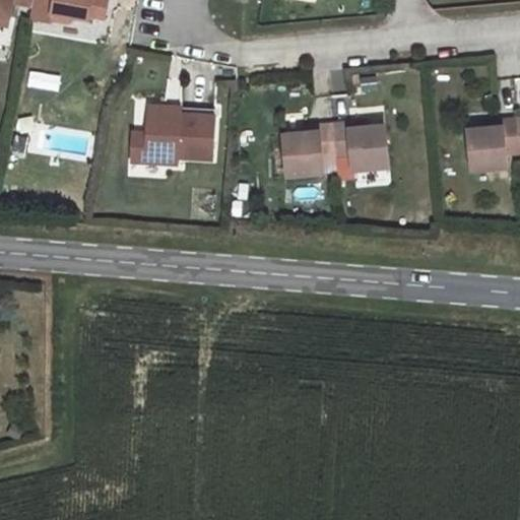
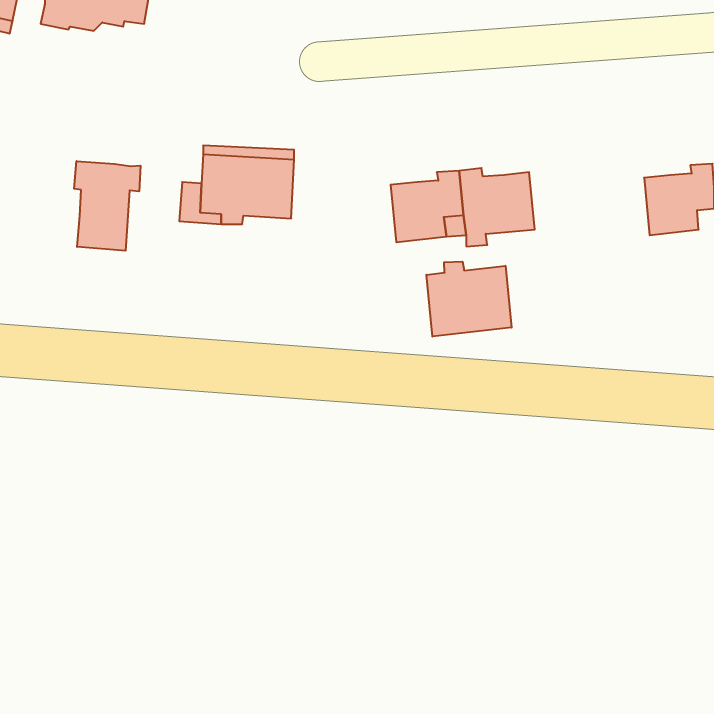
building: none -> [74,161,140,251]
building: none -> [426,262,512,337]

